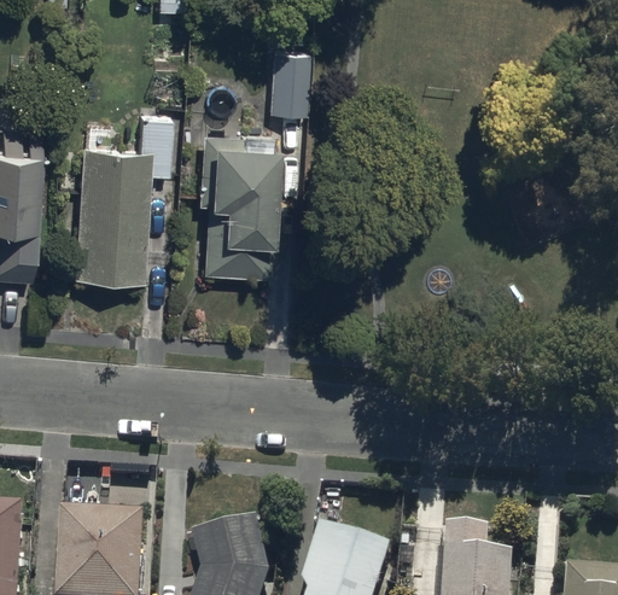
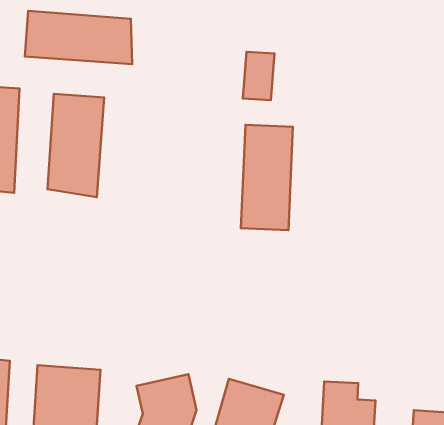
building: none -> [25,11,132,64]
building: [267,54,309,119] -> [243,52,274,100]
building: [202,136,272,278] -> [241,125,293,230]

